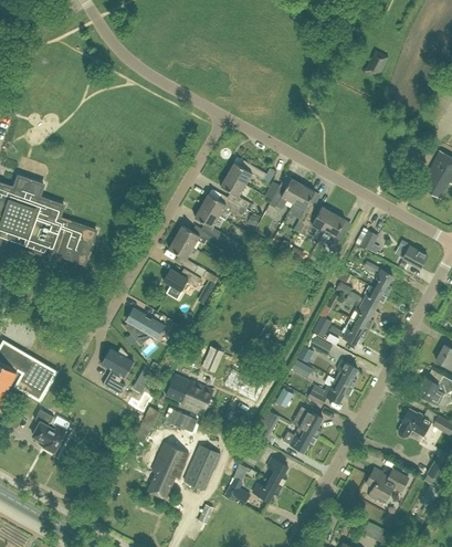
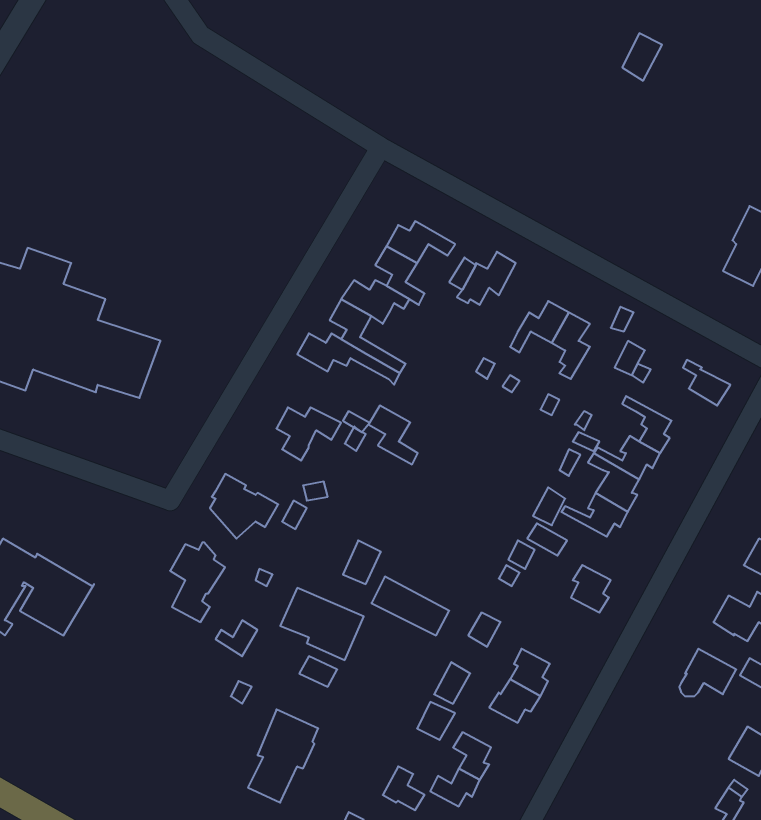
building: [286,185,314,224] -> none
building: [168,238,197,272] -> [368,406,418,464]
building: [306,379,350,406] -> none
building: [32,409,65,452] -> none
building: [183,446,219,490] -> none
building: [365,469,407,499] -> none

